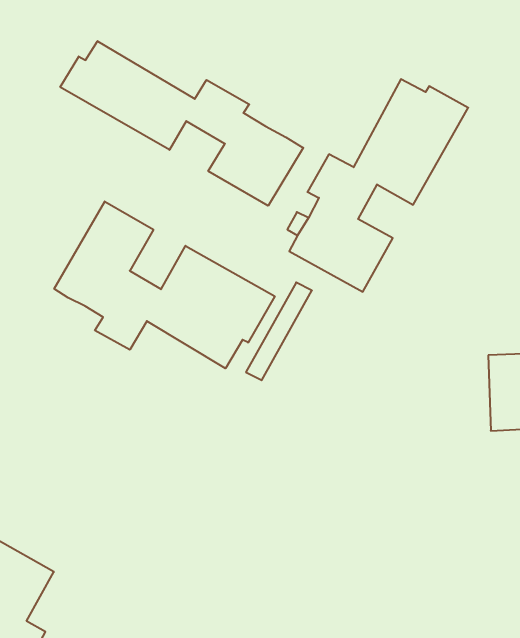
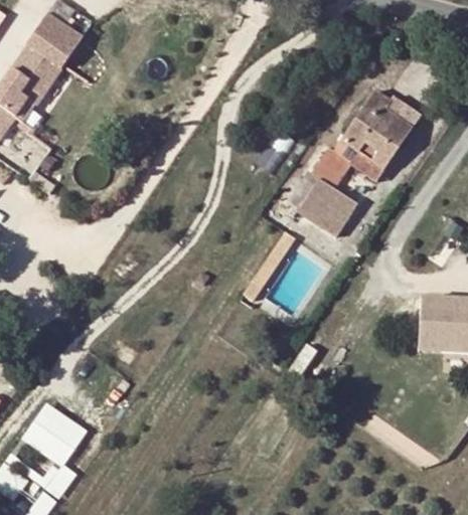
building: [60,41,303,206] -> none
building: [54,201,275,368] -> none

